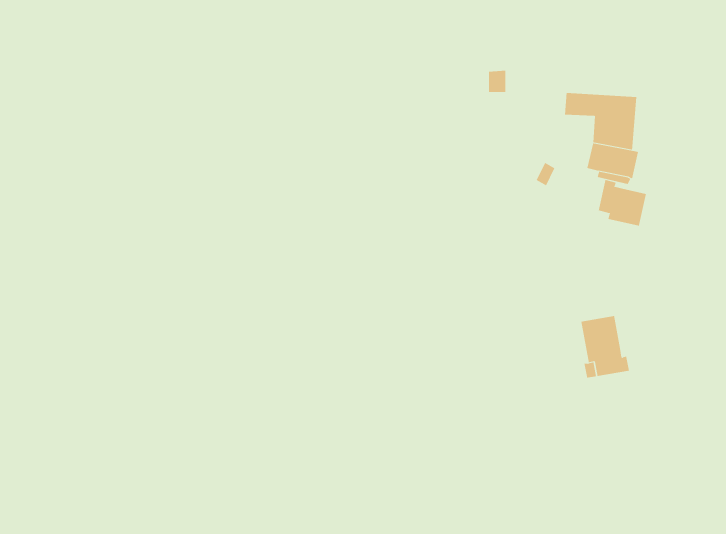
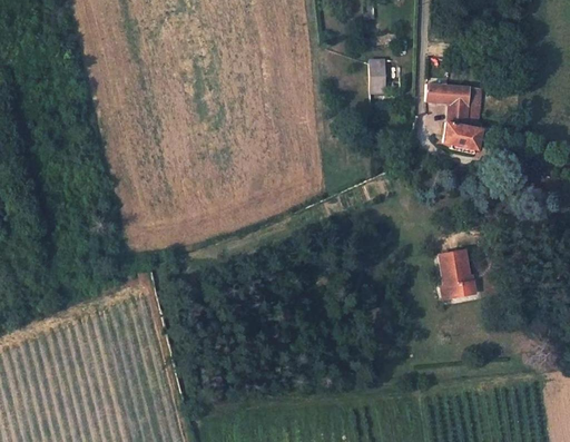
building: [598,179,647,226] -> none

